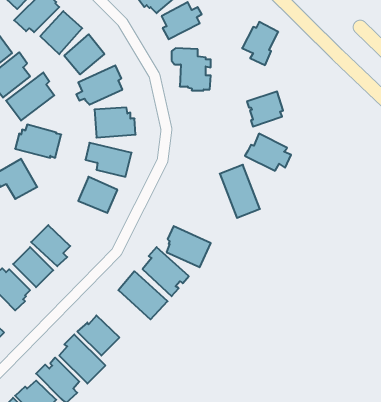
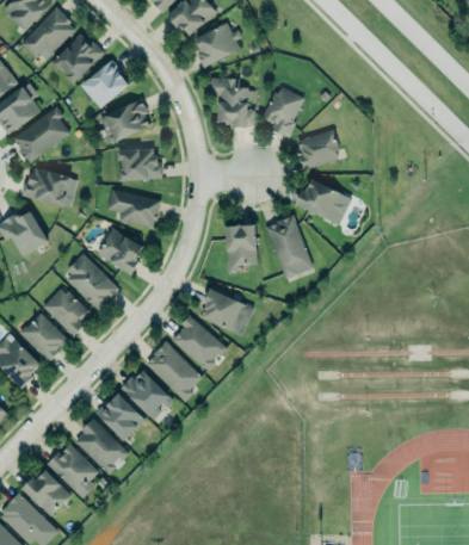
building: [242,22,278,65] -> [261,86,304,137]
building: none -> [224,225,258,273]
building: none -> [66,253,119,309]
building: none -> [121,370,173,419]

